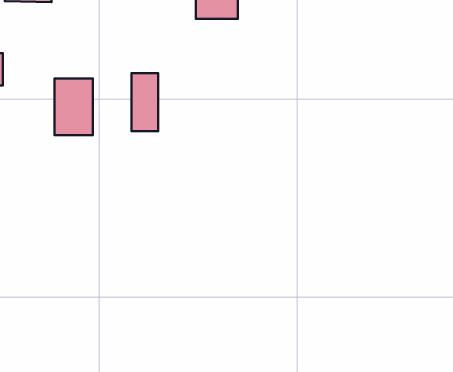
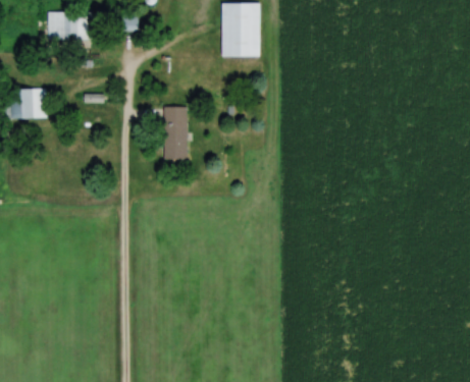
building: [55,78,93,135] -> none

